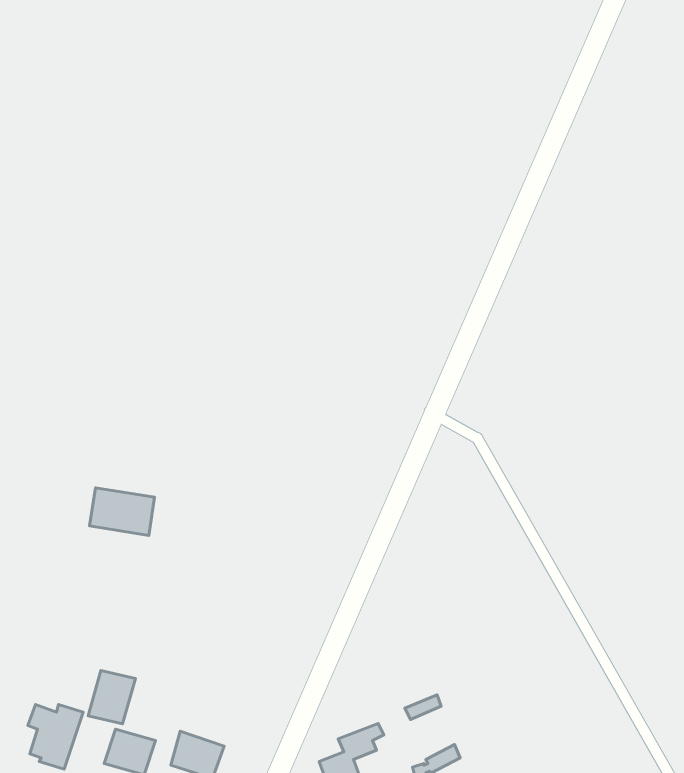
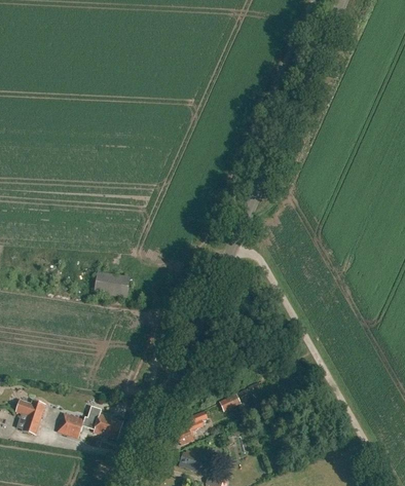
building: [90,488,154,535] -> [95,271,130,297]
building: [88,670,135,724] -> none

